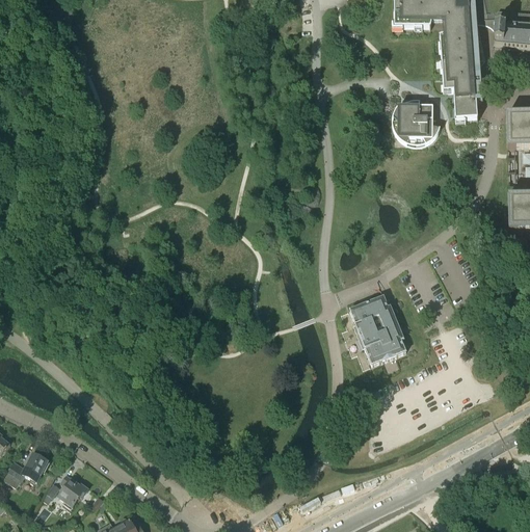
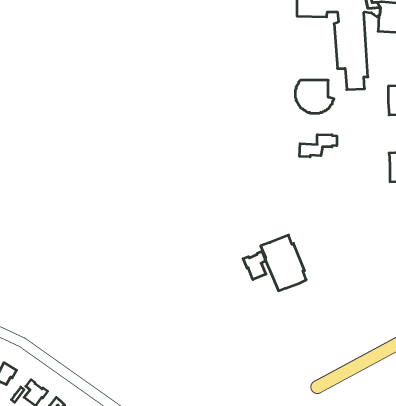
building: none -> [300,135,337,157]
building: none -> [243,251,266,280]

